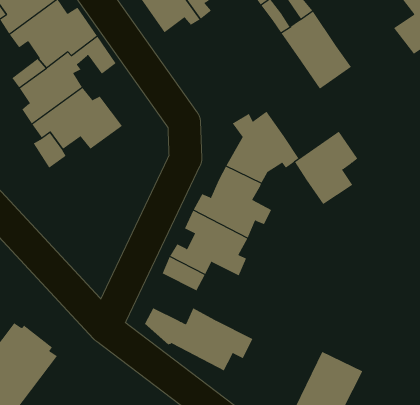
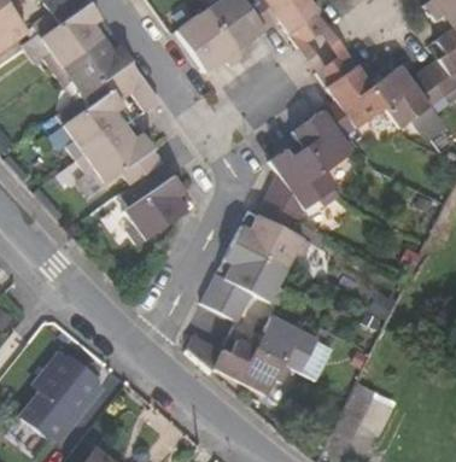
building: none -> [372,64,445,124]
building: none -> [125,162,189,245]
building: [294,131,358,205] -> [293,100,355,171]
building: none -> [255,317,332,379]

